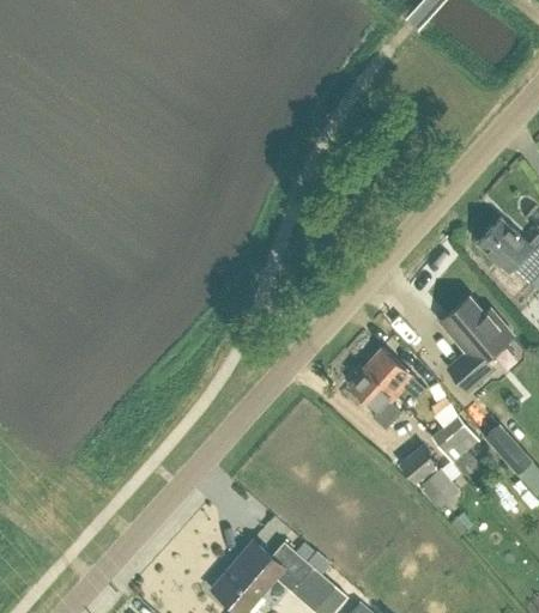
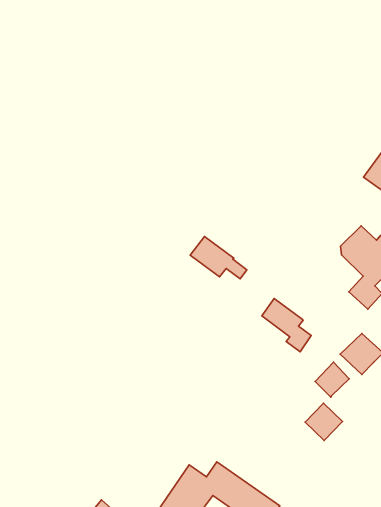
building: [365,348,426,400] -> [190,236,247,279]
building: [419,467,461,509] -> [305,403,343,441]

